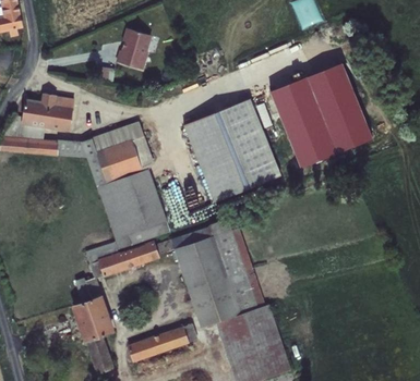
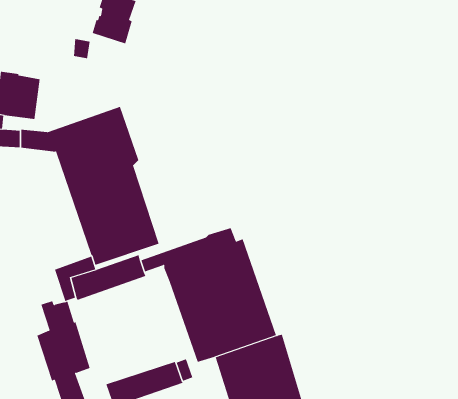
building: [269,63,372,168] -> none
building: [183,99,280,202] -> none

